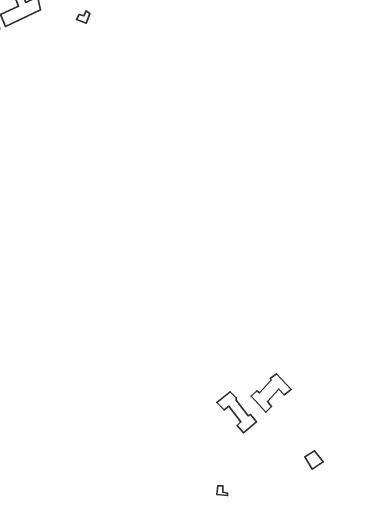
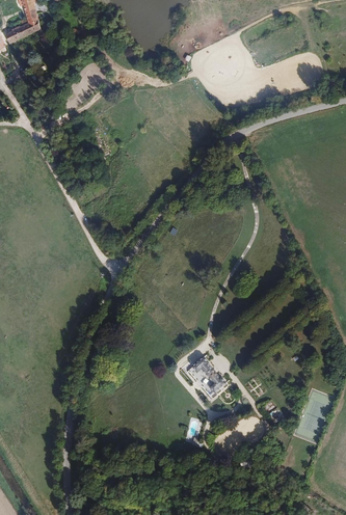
building: [251,374,291,412] -> none

